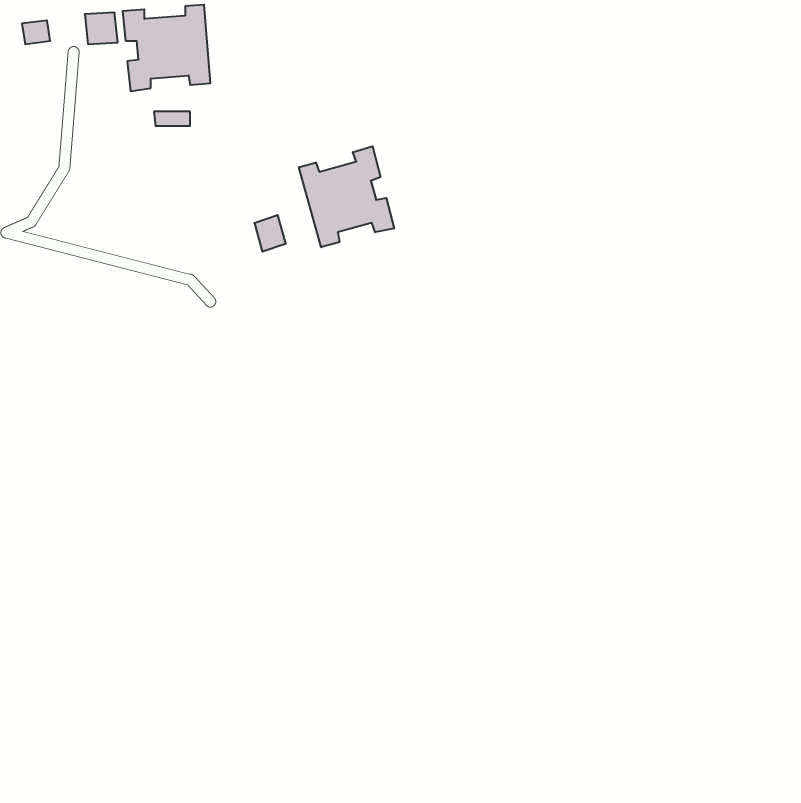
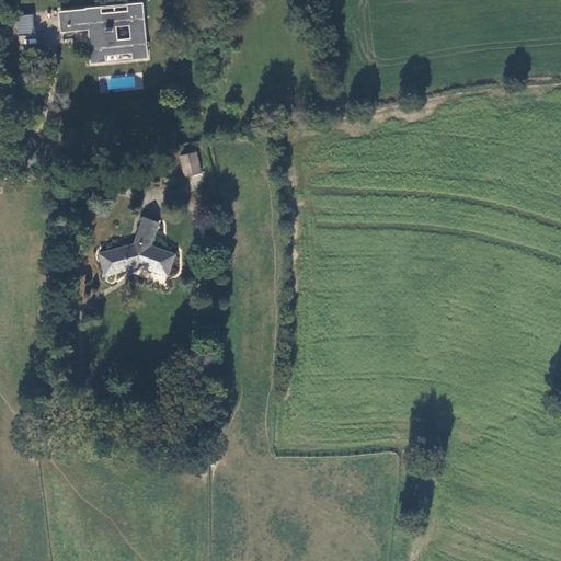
building: [299,146,394,247] -> none
building: none -> [99,216,174,275]

